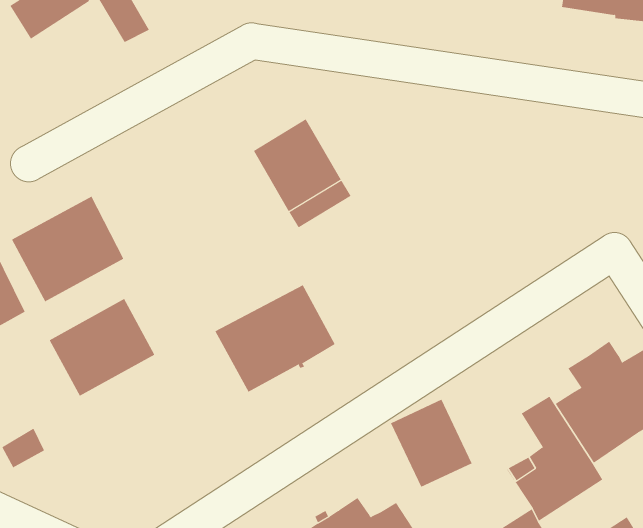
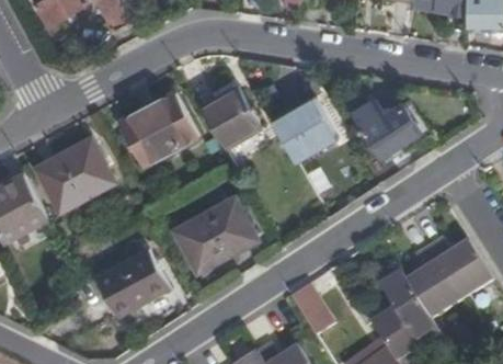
building: none -> [118,91,197,163]
building: none -> [271,99,330,159]
building: none -> [354,99,420,153]
building: [49,298,155,397] -> [94,247,167,314]

